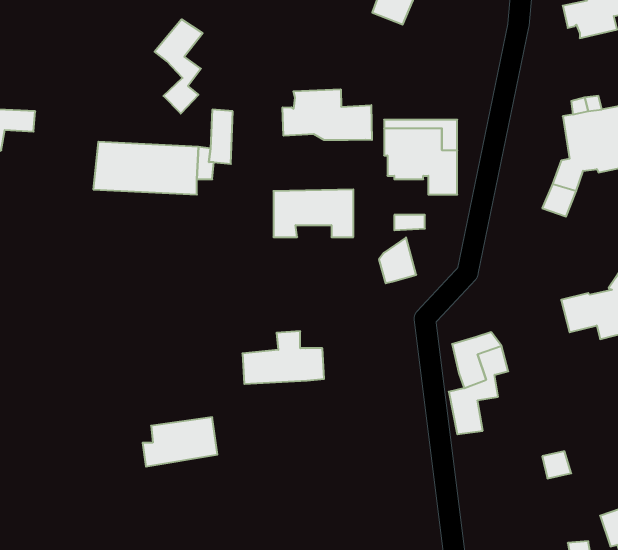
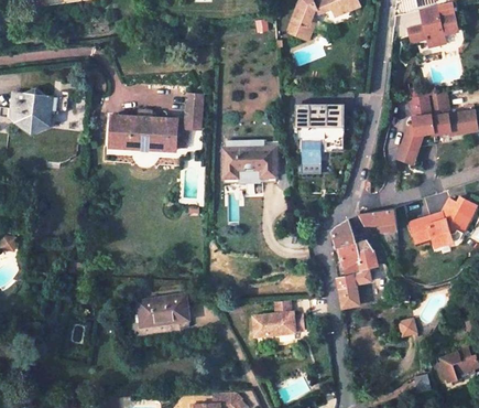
building: [155,19,203,114] -> none
building: [283,89,372,140] -> none
building: [379,237,416,283] -> [330,219,355,249]
building: none -> [358,210,395,233]
building: [242,331,324,384] -> [251,301,304,335]

